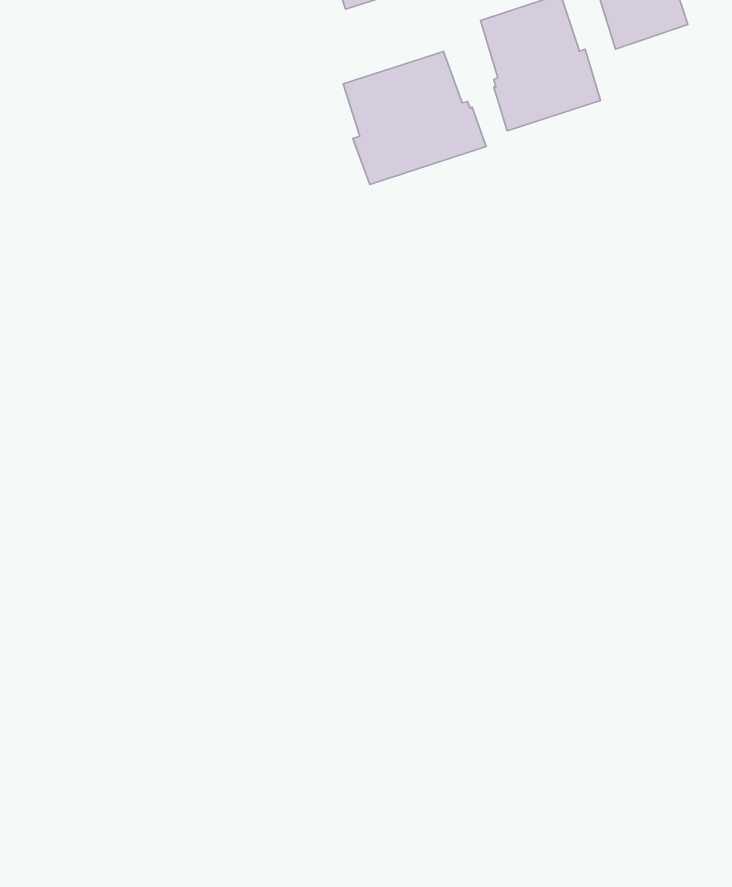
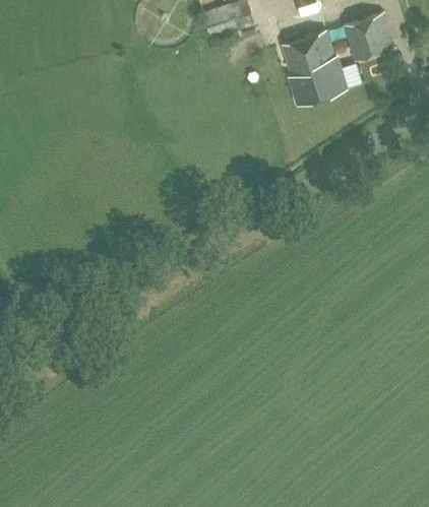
building: [343,52,486,184] -> none

